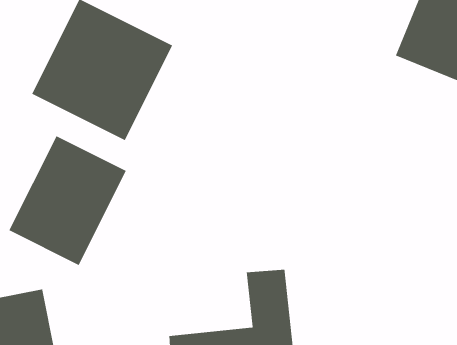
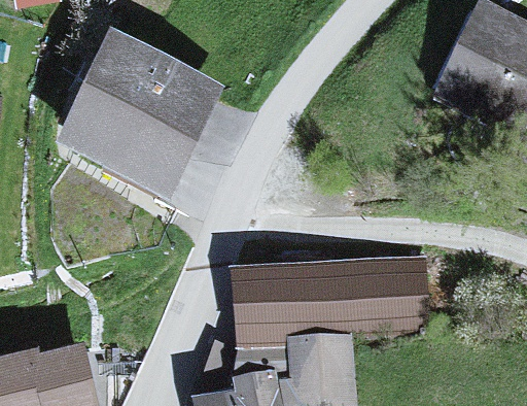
building: [8,135,127,266] -> none
building: none -> [241,257,428,331]

